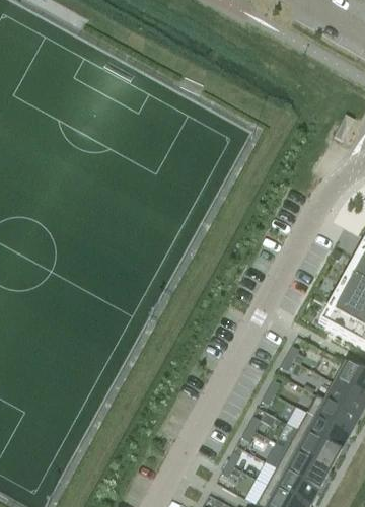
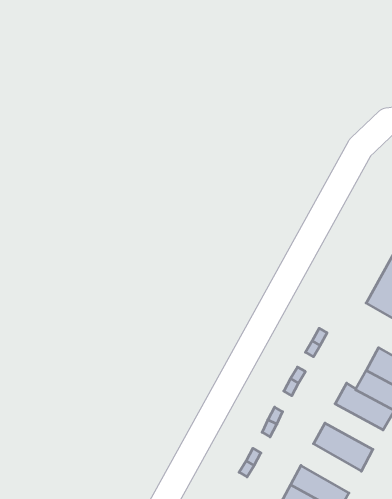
building: [296,410,348,450] -> none
building: [275,445,328,489] -> none

